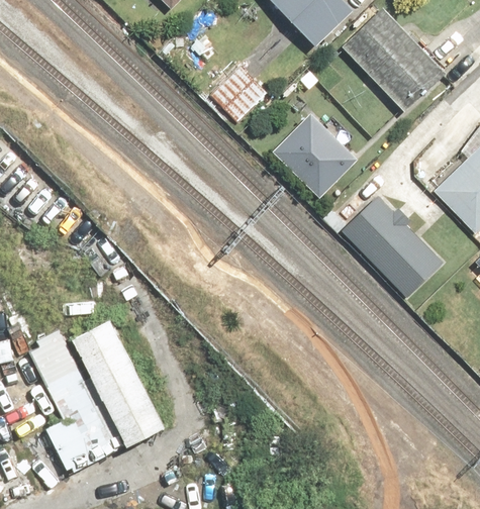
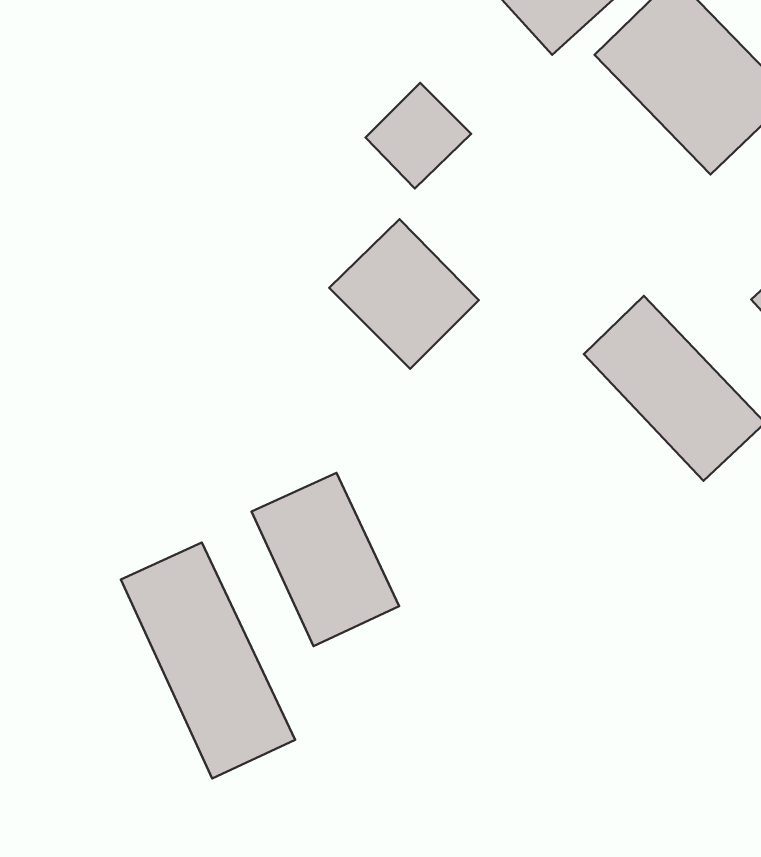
building: [269,115,355,201] -> [329,219,479,369]
building: none -> [252,473,399,646]
building: [26,330,114,473] -> none

